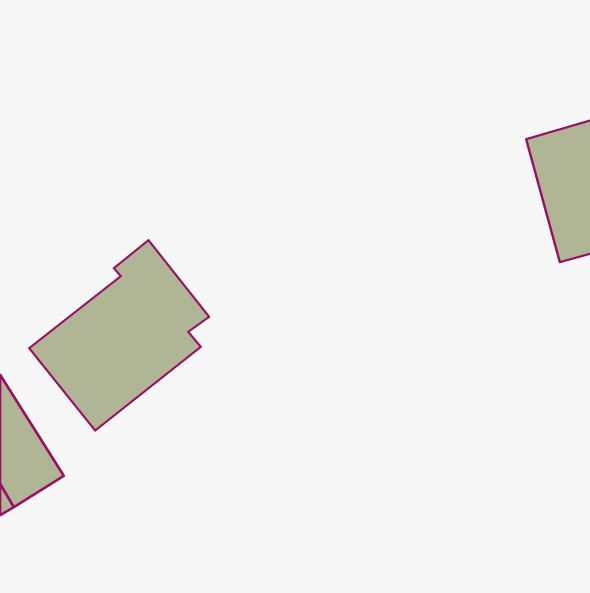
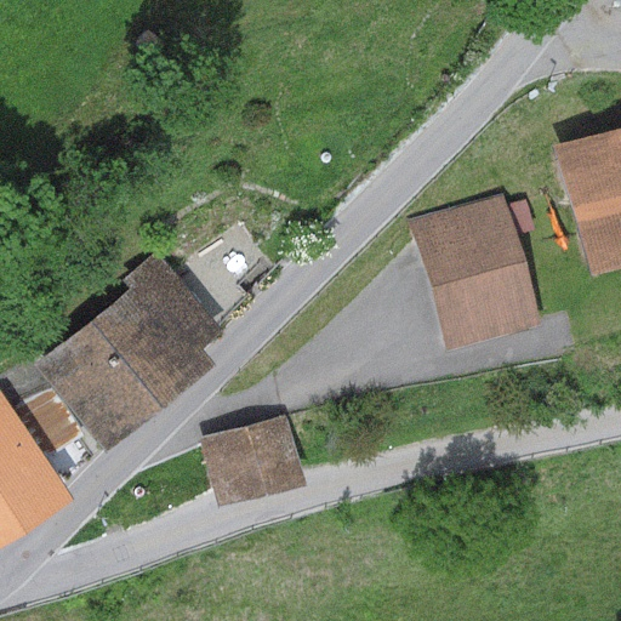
building: none -> [411,196,541,353]
building: none -> [203,418,302,505]

